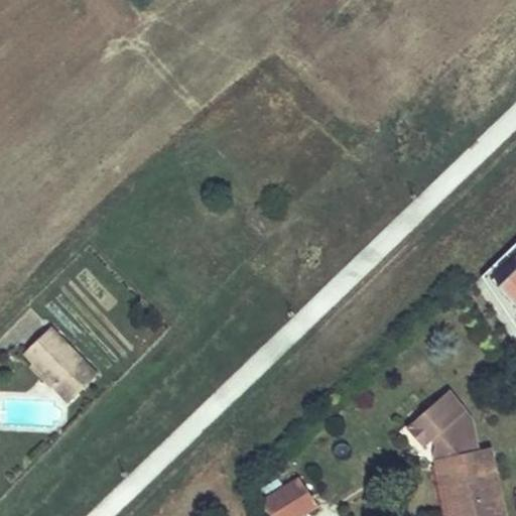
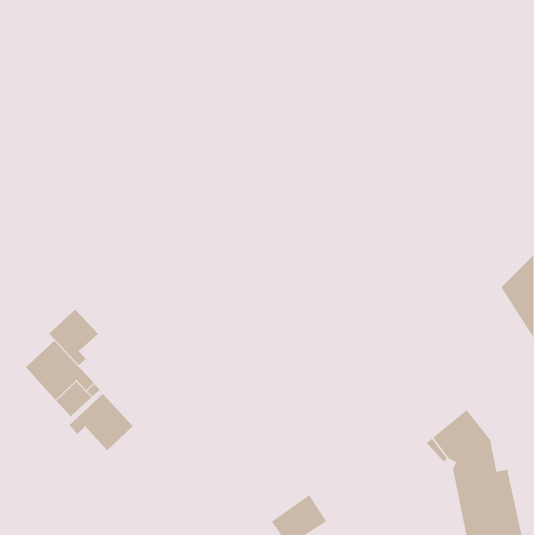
building: none -> [49,309,99,366]
building: none -> [68,393,133,451]

